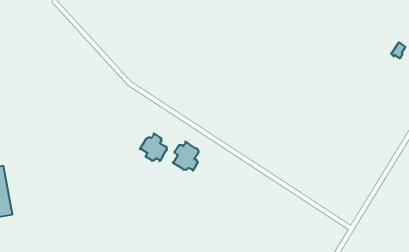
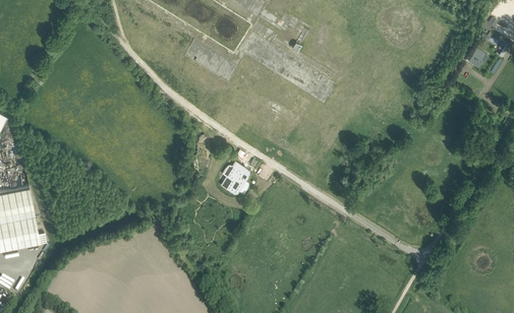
building: [140,134,167,161] -> none

